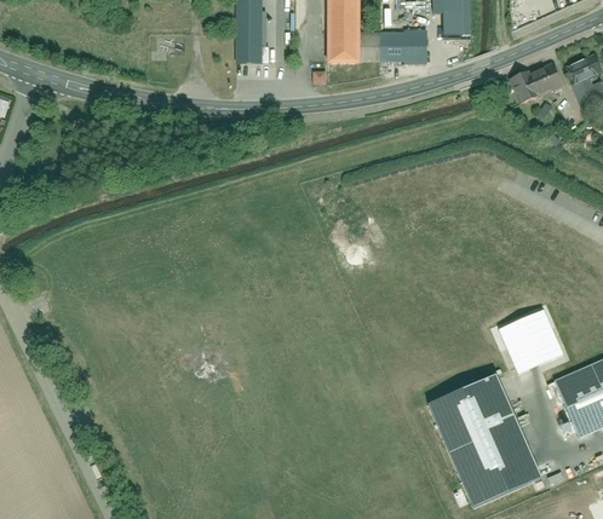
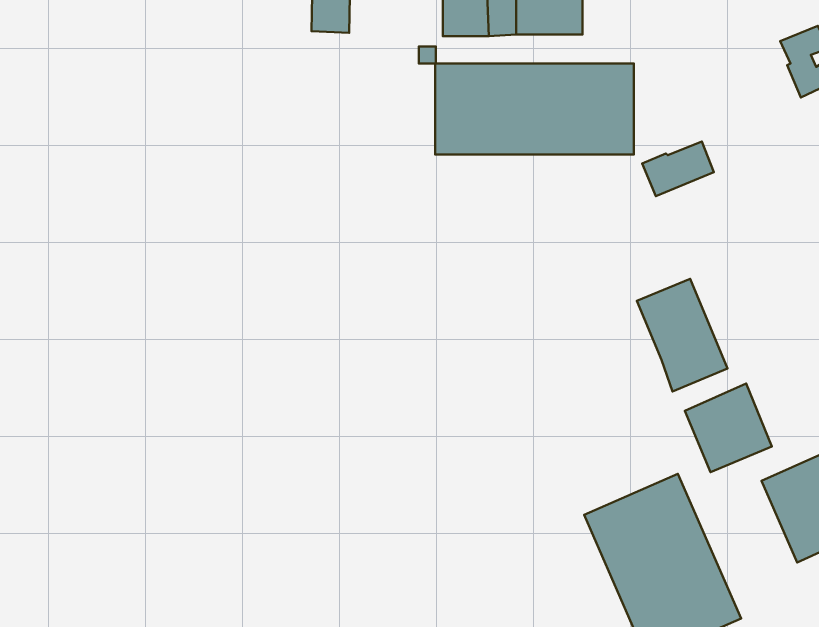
building: [511,63,562,102] -> [642,142,714,196]
building: none -> [435,63,634,155]
building: none -> [637,279,728,392]

